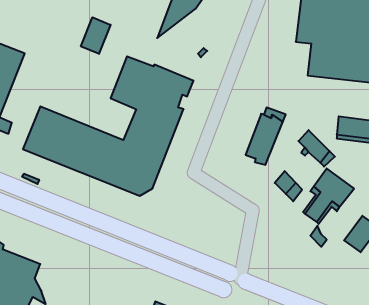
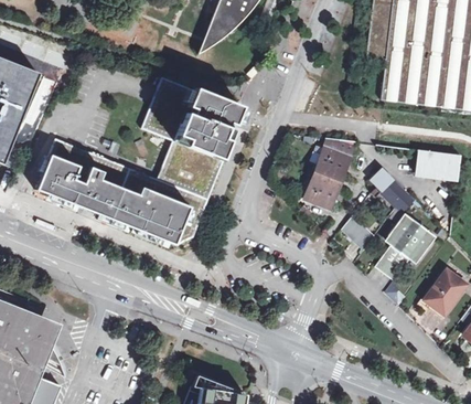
building: [81,17,111,54] -> none

